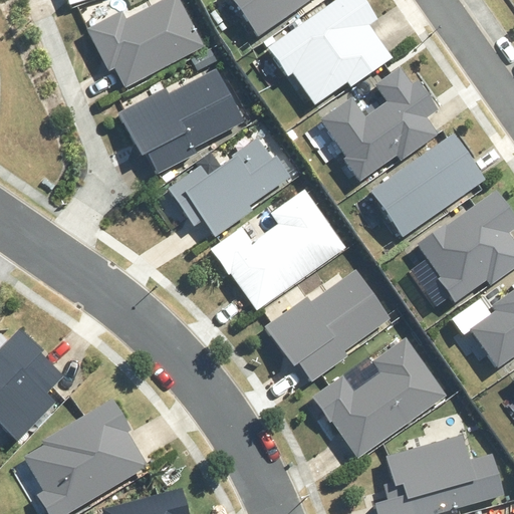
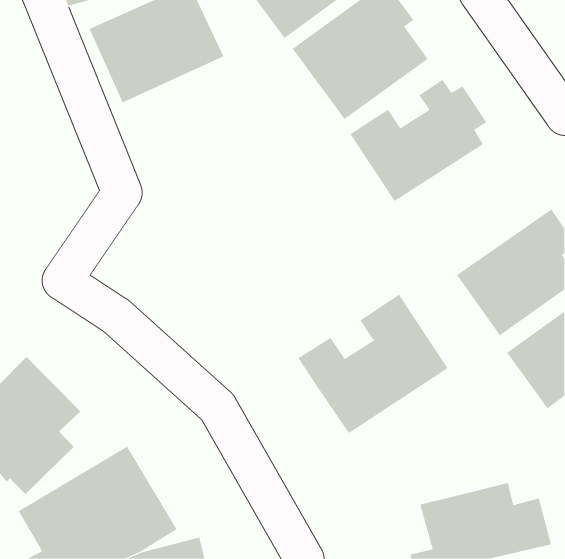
building: [117,63,243,170] -> none
building: [177,119,314,246] -> none
building: [366,126,487,238] -> none
building: [221,196,353,312] -> none
building: [316,342,443,460] -> none

